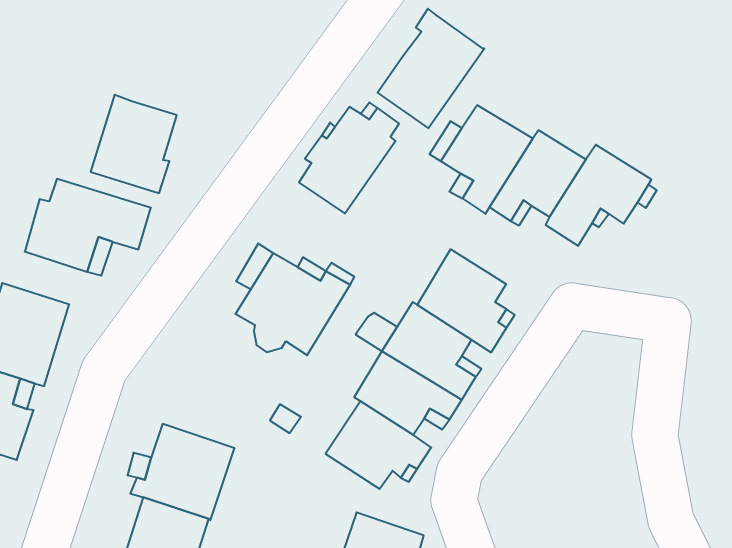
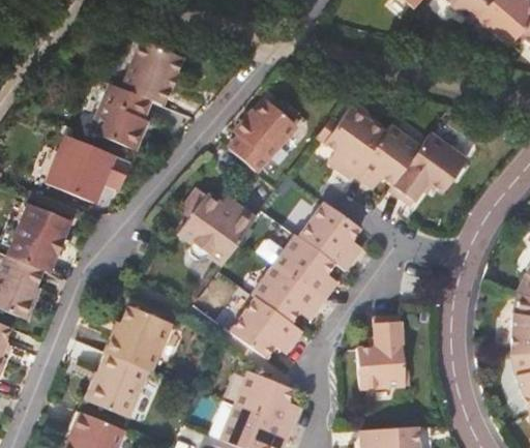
building: [378,9,484,128] -> none
building: none -> [121,40,181,103]
building: none -> [358,316,406,388]

